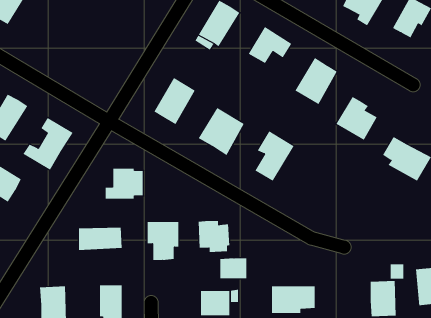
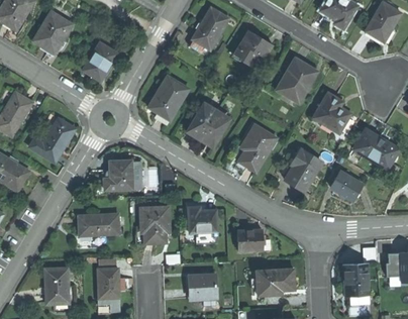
building: none -> [32,12,71,54]
building: none -> [84,44,115,81]
building: none -> [286,151,322,193]
building: none -> [333,174,364,202]
building: [219,258,247,279] -> [239,232,265,251]

